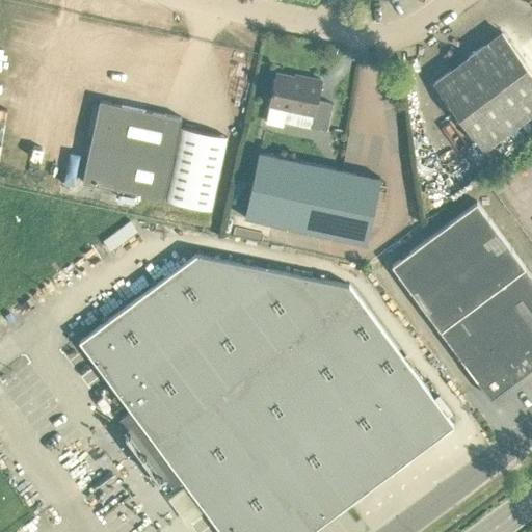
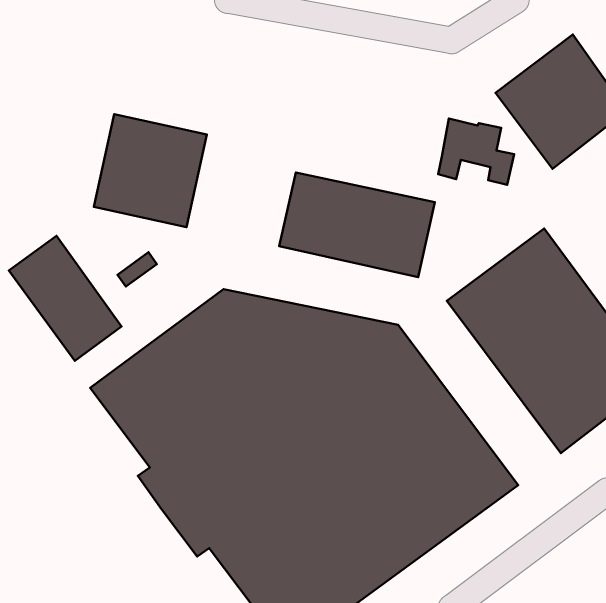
building: [267,75,334,133] -> [438,118,514,185]
building: [167,130,228,212] -> none
building: none -> [9,236,121,361]

